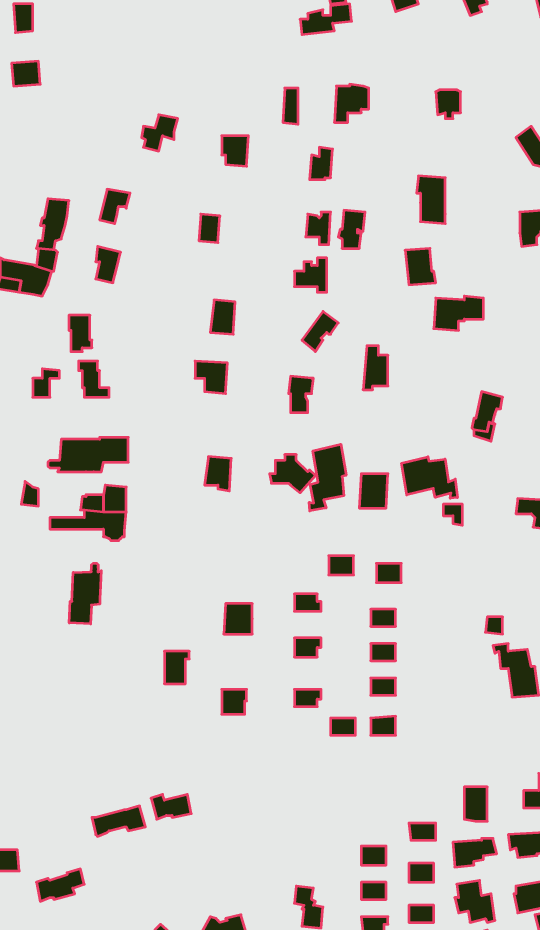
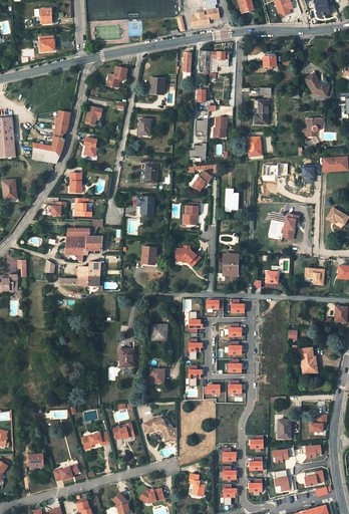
building: [309,444,346,511] -> none
building: [402,457,457,498] -> none
building: [69,563,101,624] -> none
building: none -> [142,419,176,441]

